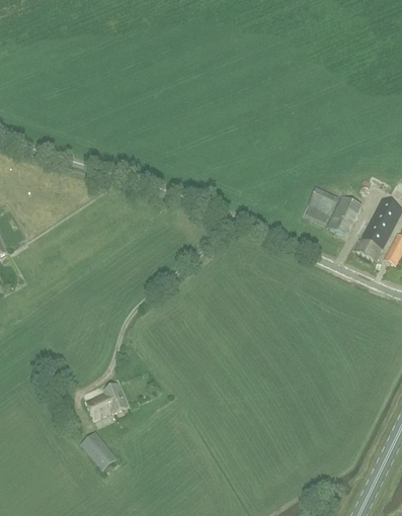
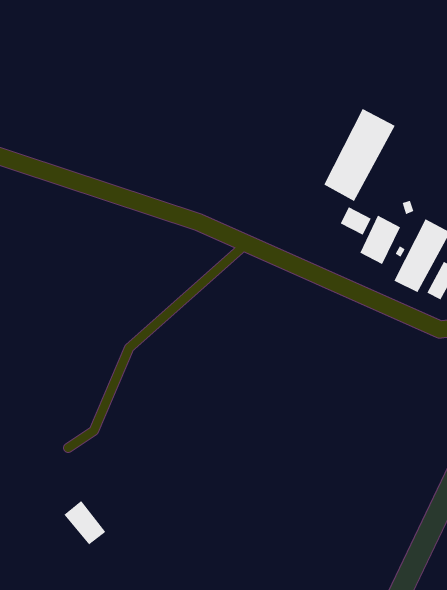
building: none -> [324,108,395,202]
building: [85,382,127,417] -> none

